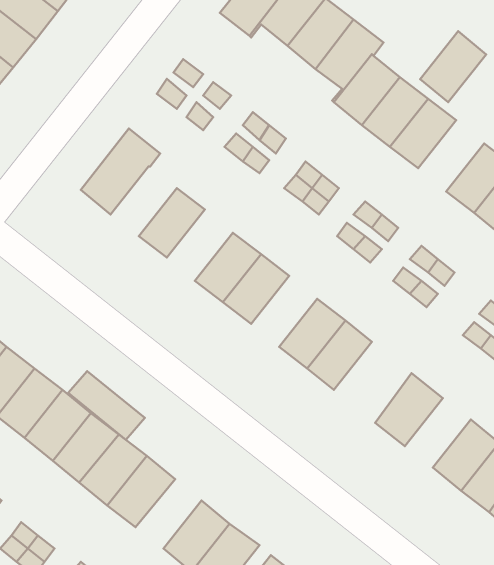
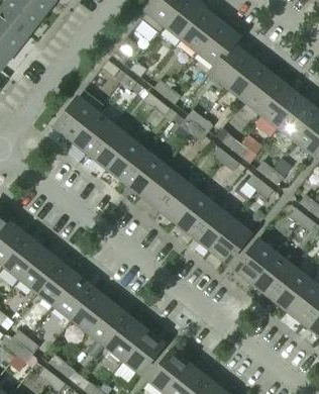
building: [420,31,486,102] -> [260,84,301,127]
building: none -> [73,112,113,155]
building: none -> [107,138,147,182]
building: none -> [158,179,199,222]
building: none -> [209,219,250,263]
building: [68,371,145,440] -> none
building: none -> [252,254,293,296]
building: none -> [88,303,128,346]

